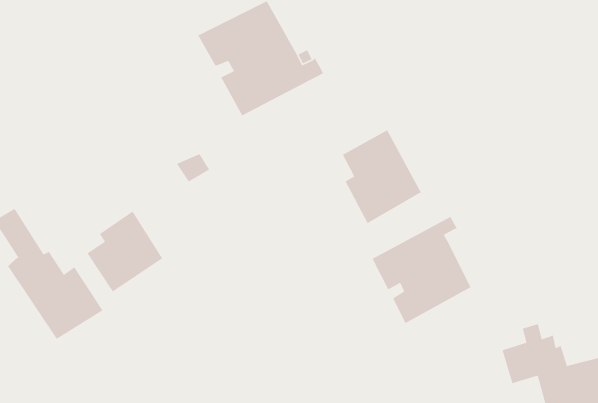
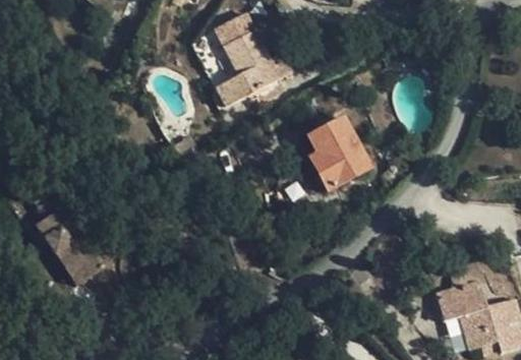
building: [87,210,163,292] -> none
building: [372,216,472,324] -> none

